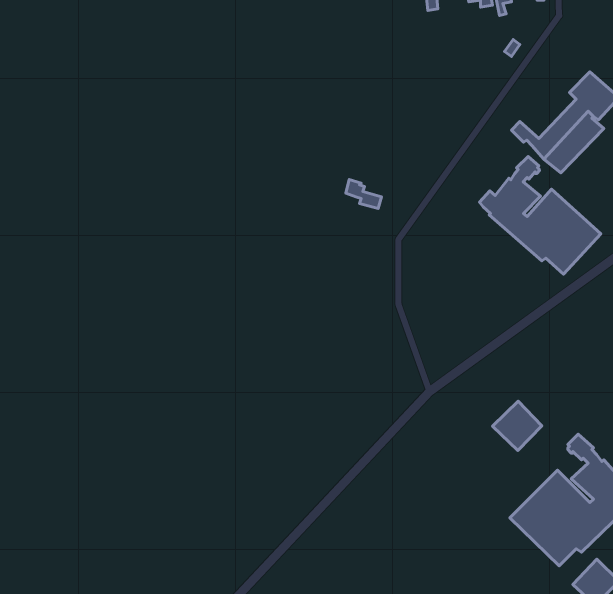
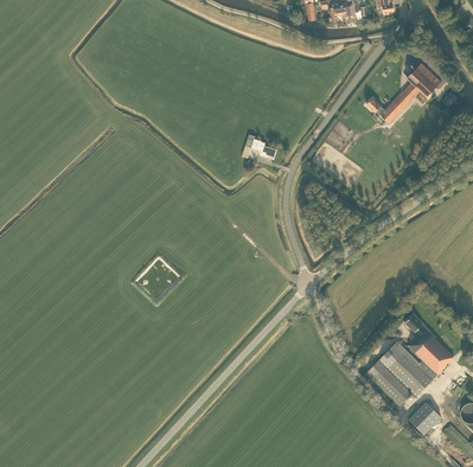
building: [480,156,601,274] -> none
building: [492,401,542,451] -> none

